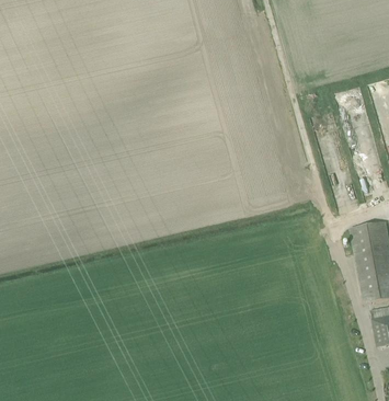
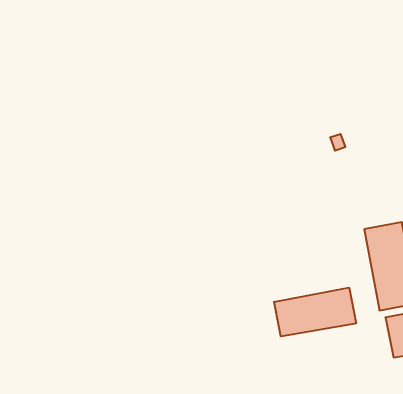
building: none -> [274,288,356,336]

